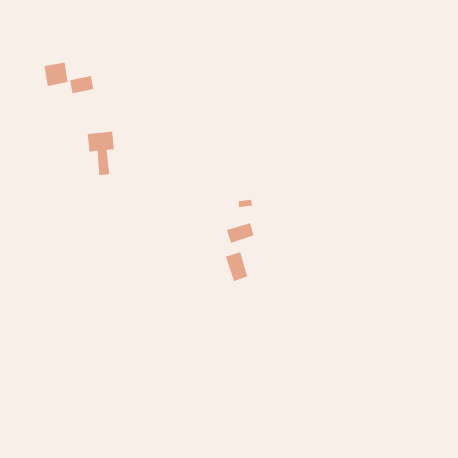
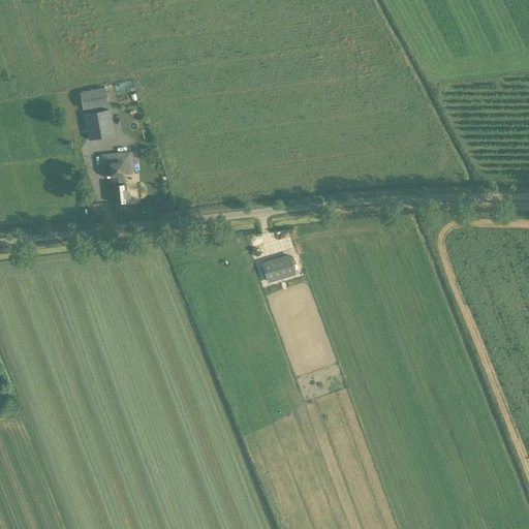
building: [44,62,69,87] -> [85,110,114,138]
building: [225,251,248,282] -> none

